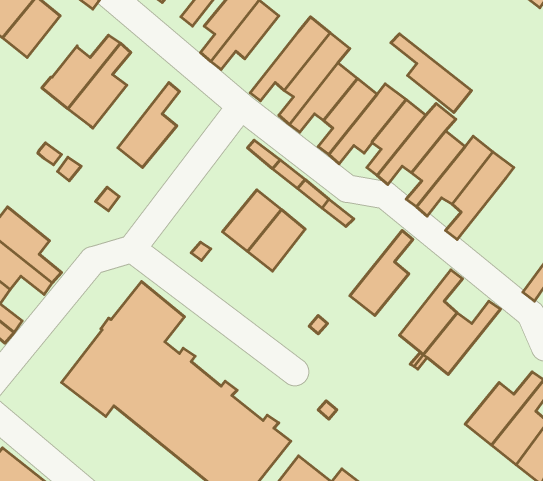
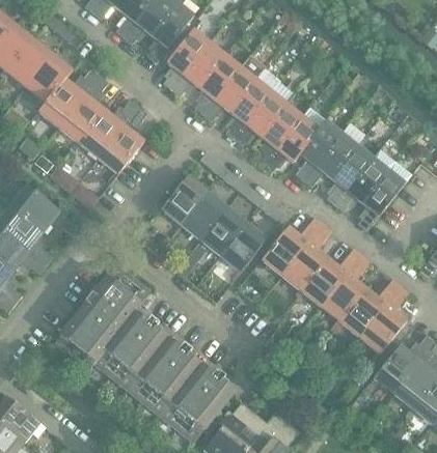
building: none -> [26,54,73,103]
building: none -> [194,54,241,115]
building: [391,34,471,112] -> none
building: none -> [78,100,138,159]
building: none -> [161,175,208,225]
building: none -> [10,185,78,235]
building: none -> [262,218,323,276]
building: none -> [220,223,267,273]
building: none -> [301,249,361,307]
building: none -> [359,286,409,353]

